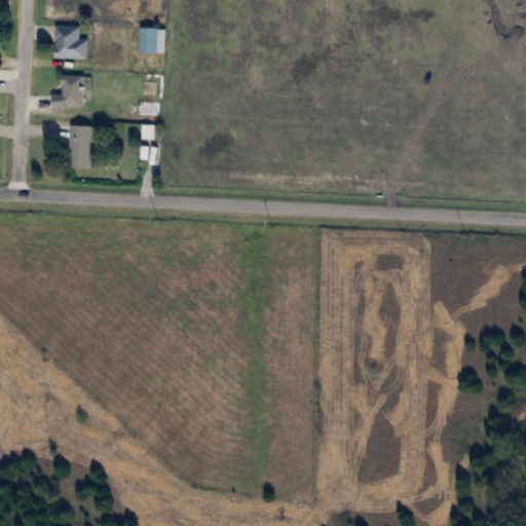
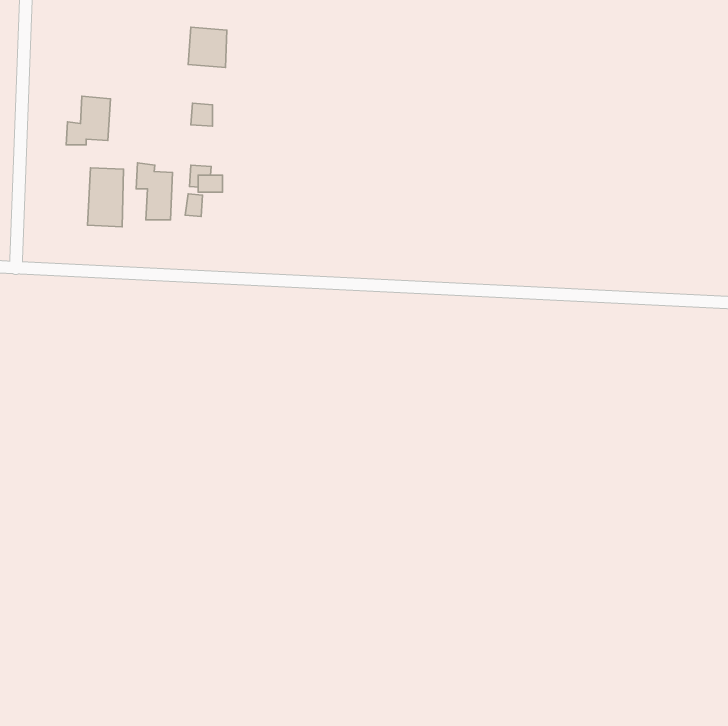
building: [52,25,87,59] -> none
building: none -> [136,163,173,220]

